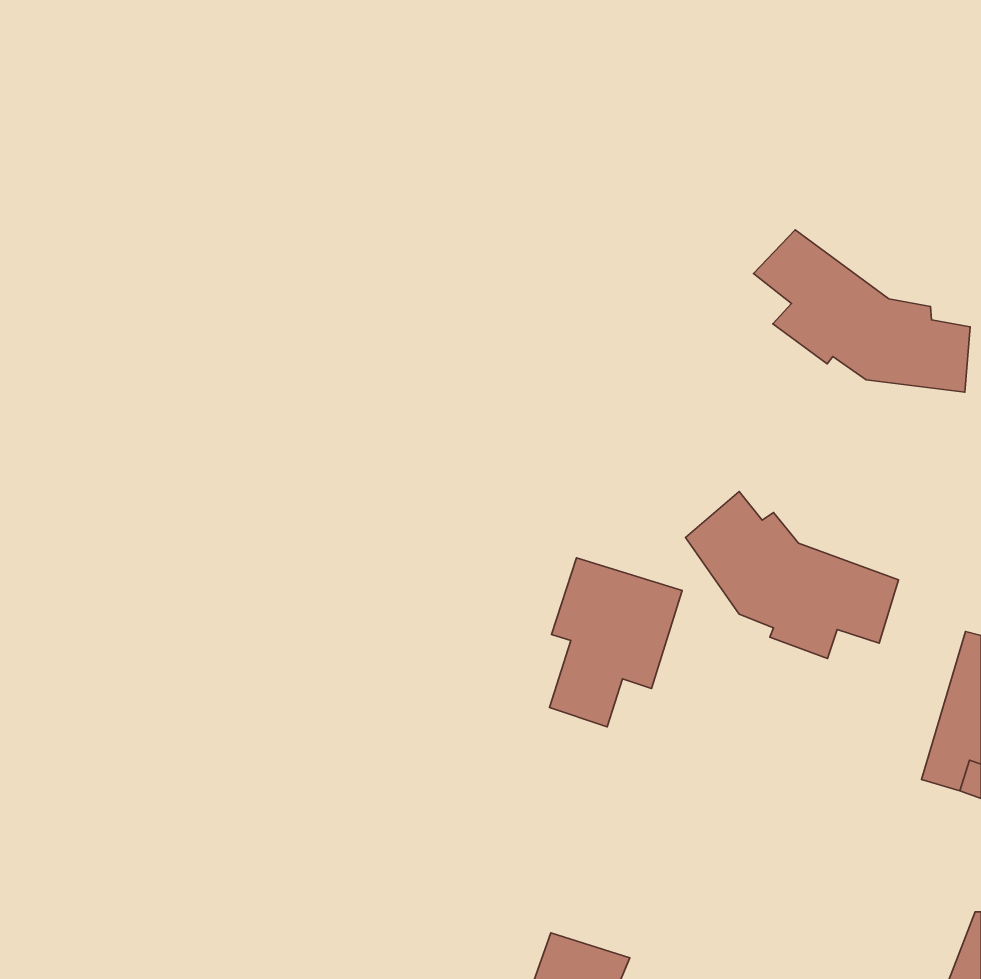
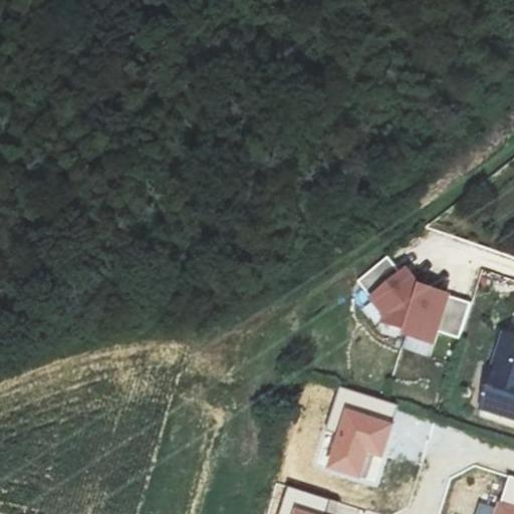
building: [753,230,970,392] -> none
building: [550,558,682,727] -> [327,390,397,478]

